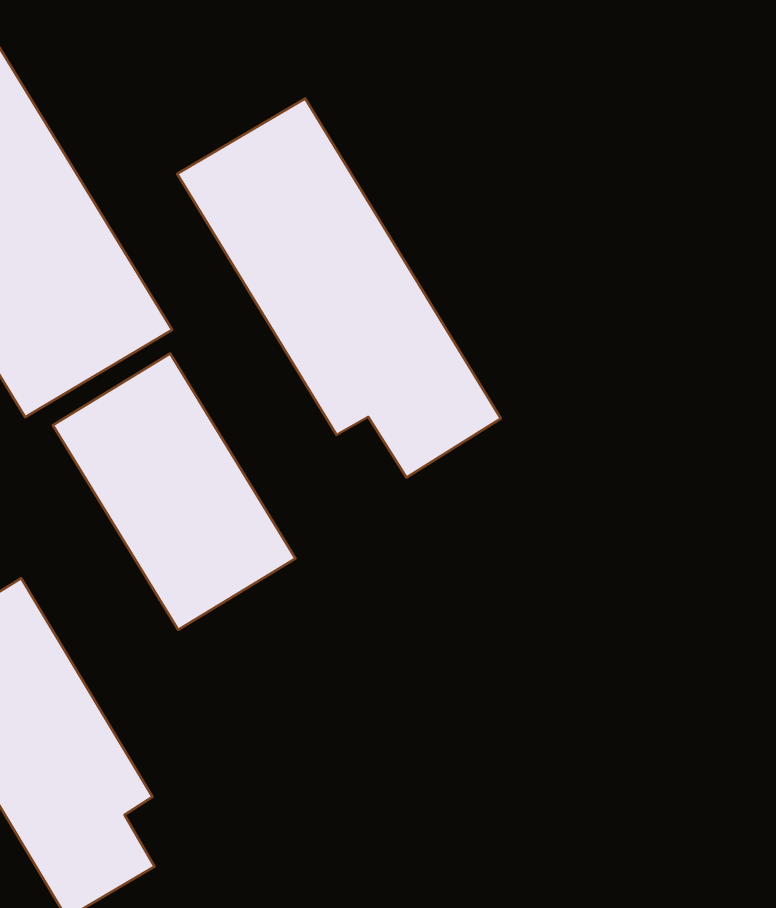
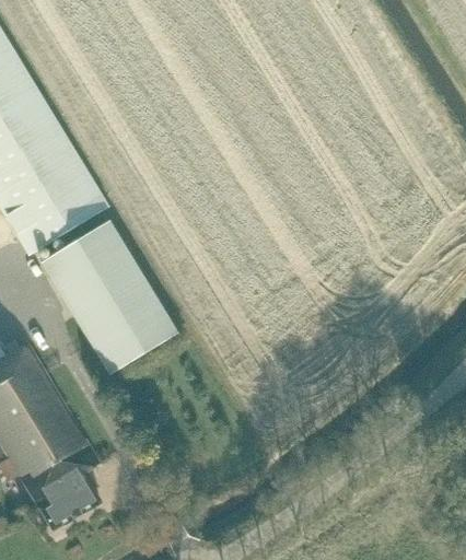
building: [177,99,501,477] -> none

